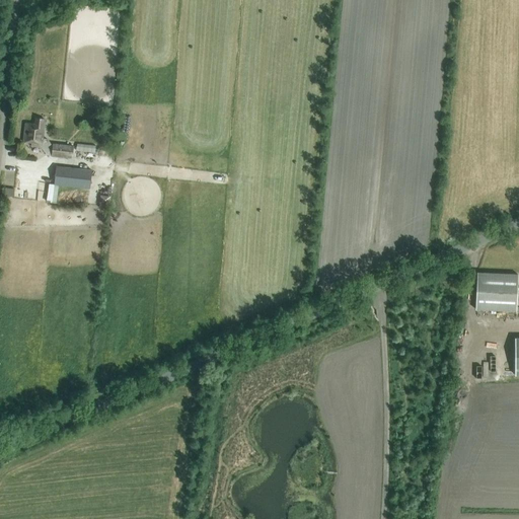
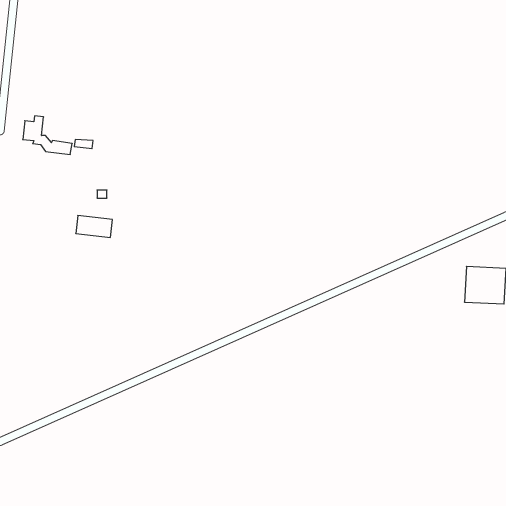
building: [54,166,91,189] -> [76,216,112,237]

